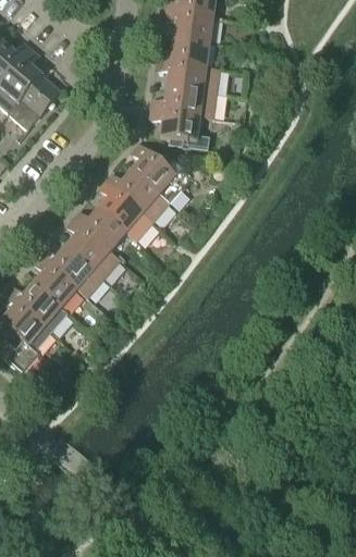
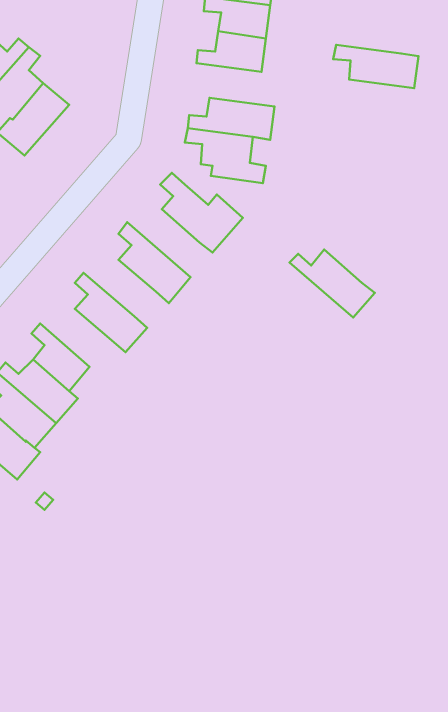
building: [156,61,220,94] -> [333,45,418,88]
building: [106,171,170,222] -> [290,250,375,318]
building: [73,209,127,251] -> none
building: [40,246,105,298] -> none

